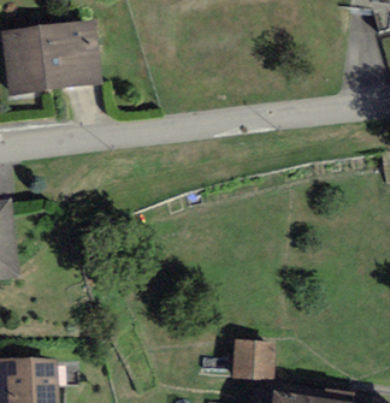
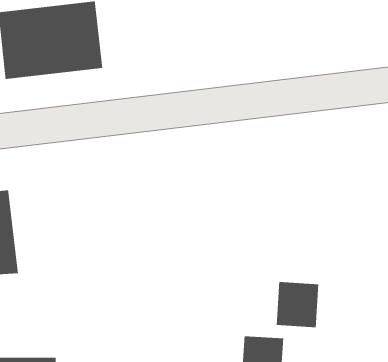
building: none -> [276,281,319,328]

